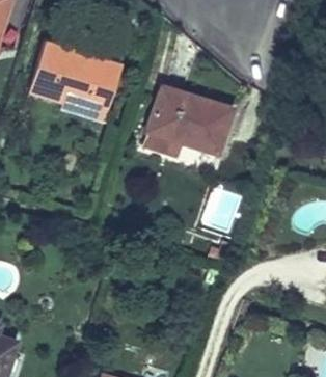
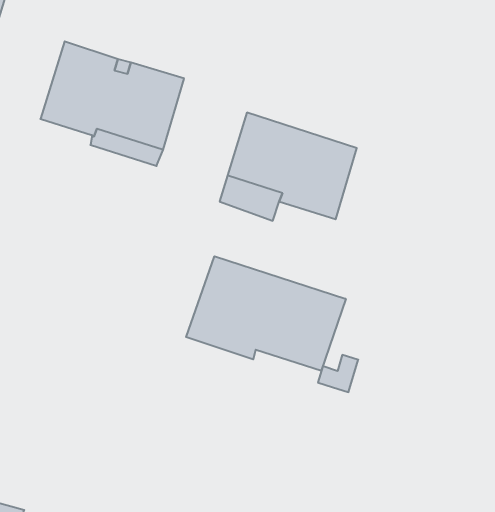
building: none -> [186,256,346,371]

